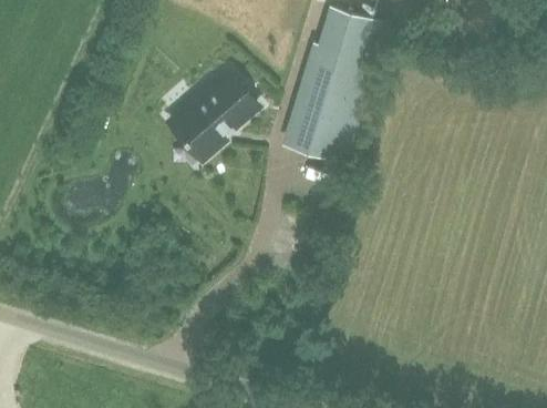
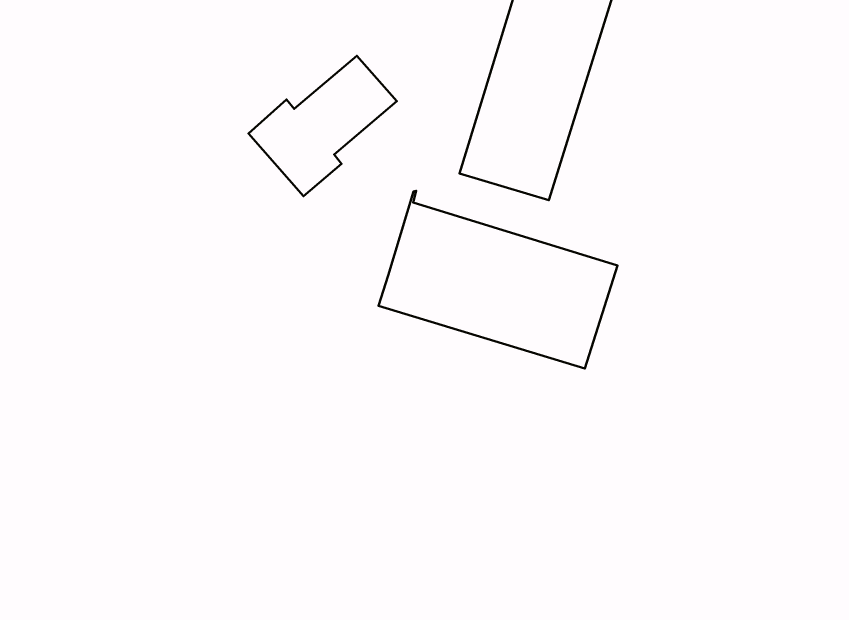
building: none -> [378,191,617,368]

